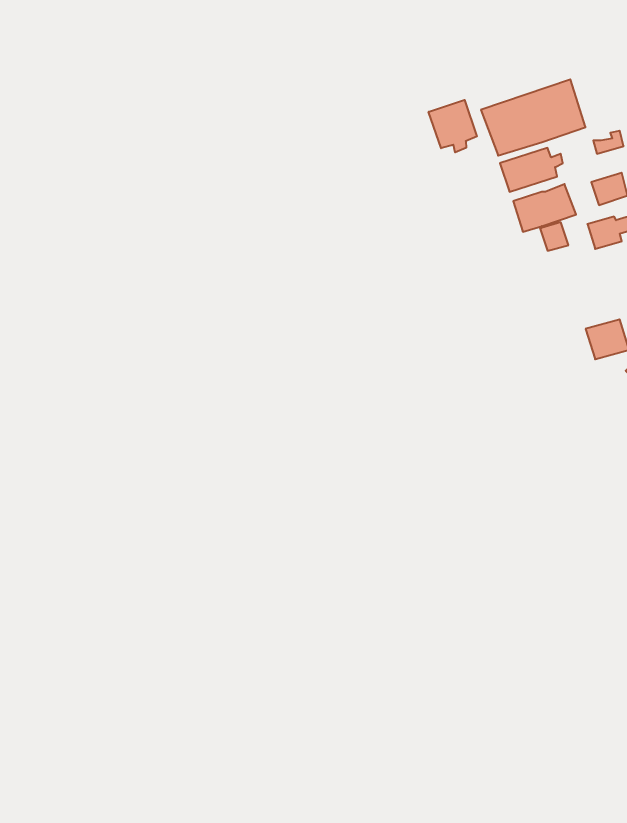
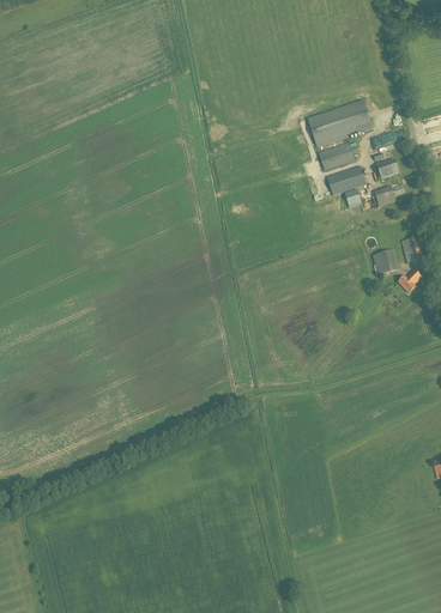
building: [429,100,477,152] -> none

